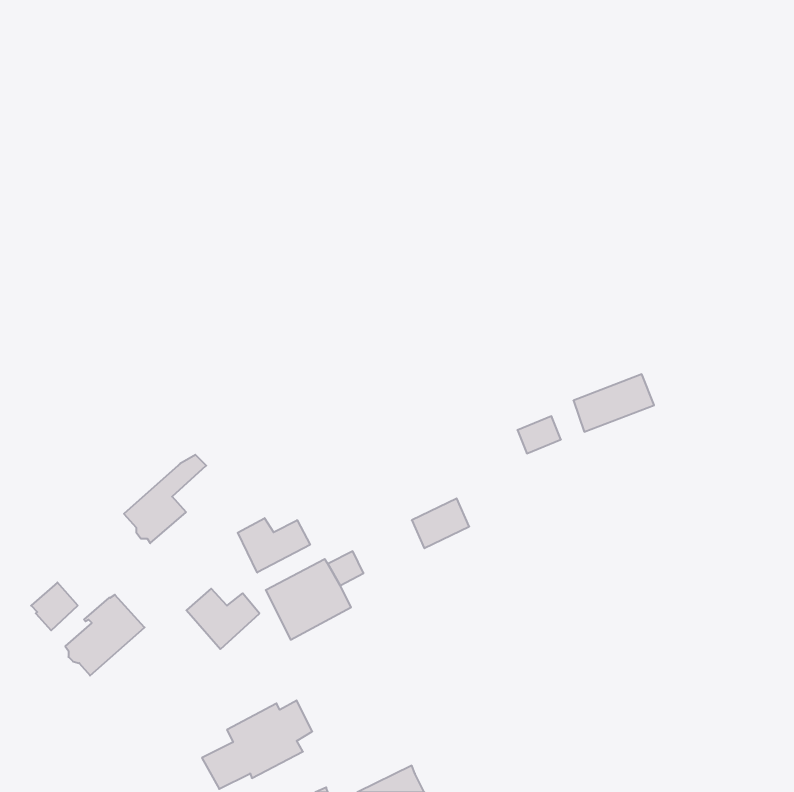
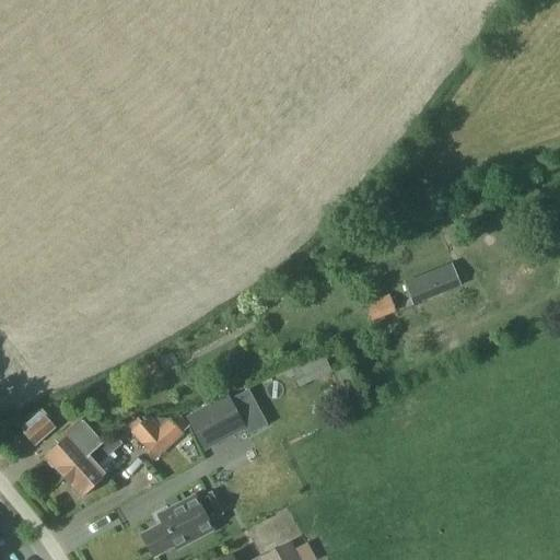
building: [124,455,206,543] -> [63,434,121,497]
building: [238,518,310,573] -> none

